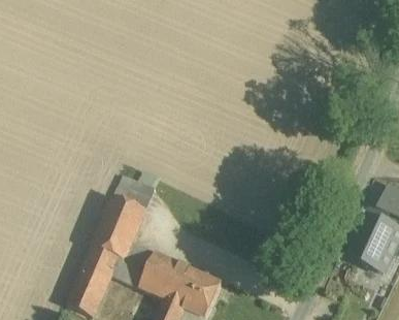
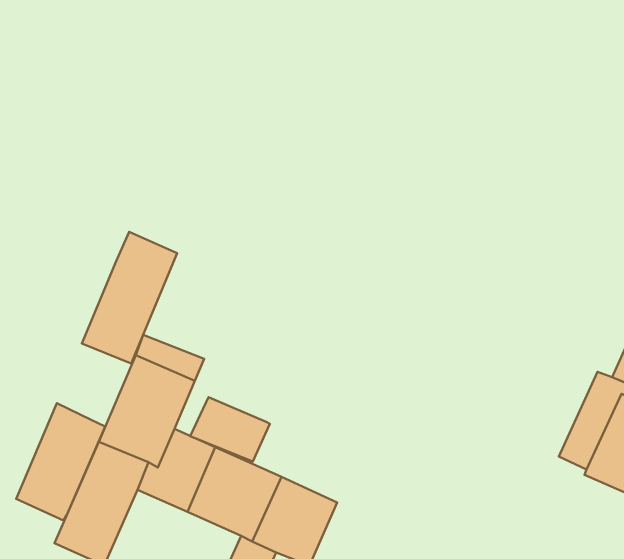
building: none -> [82,232,177,364]
building: none -> [190,397,270,462]
building: none -> [16,403,105,521]

